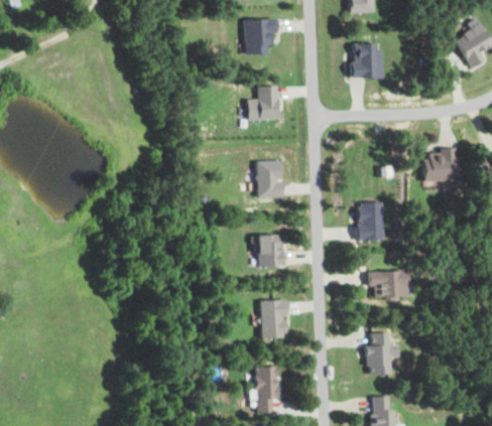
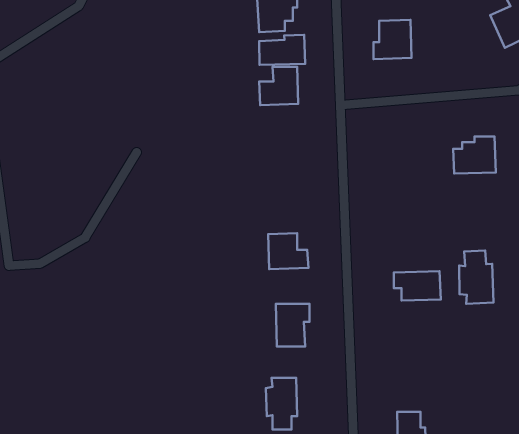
building: none -> [259,35,305,65]
building: [256,161,286,198] -> none
building: [355,203,384,242] -> none
building: none -> [459,250,493,304]
building: [368,331,401,373] -> none

